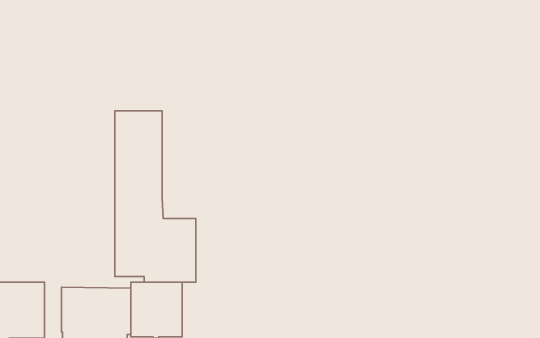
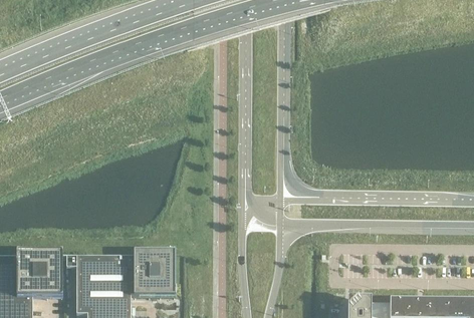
building: [115,111,196,282] -> none

